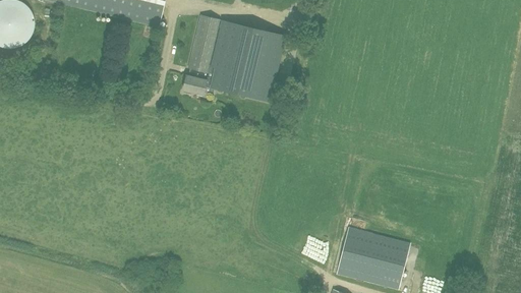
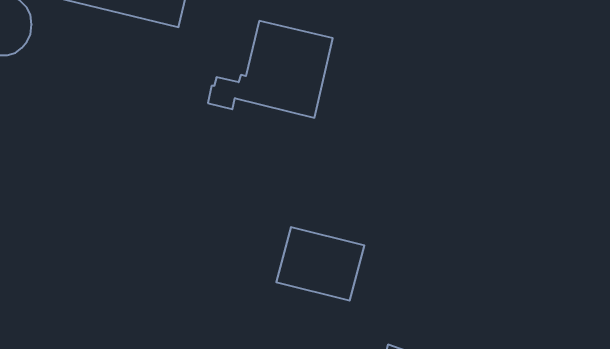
building: [187,14,221,71] -> none
building: [336,227,409,288] -> [276,227,364,301]

